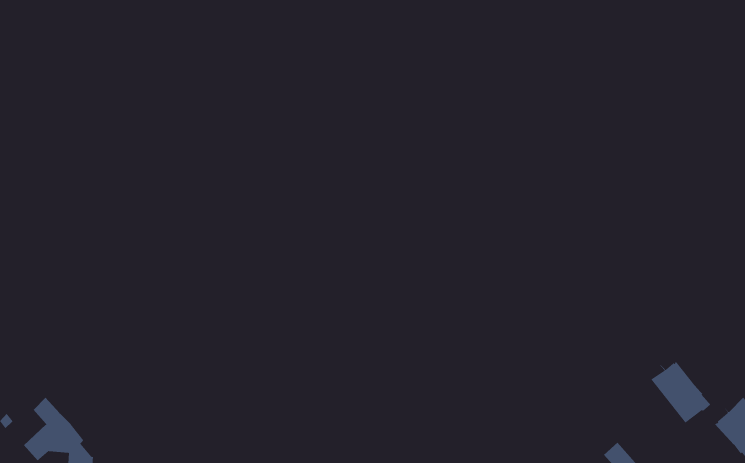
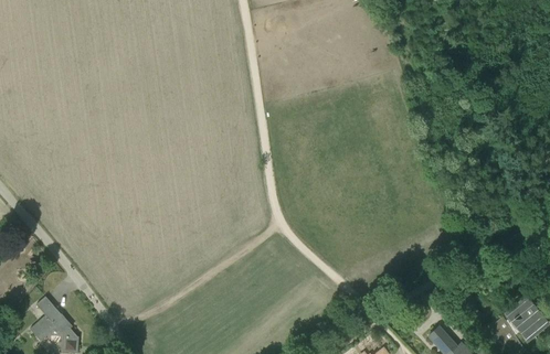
building: [650,353,714,423] -> none

